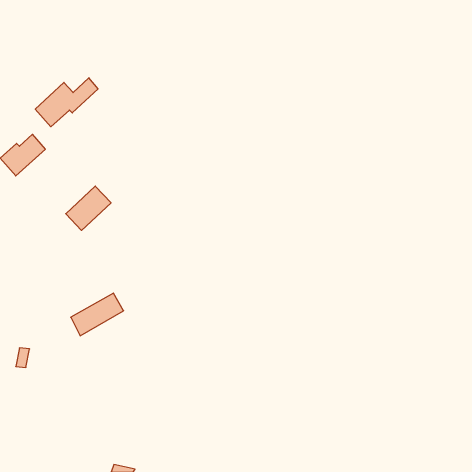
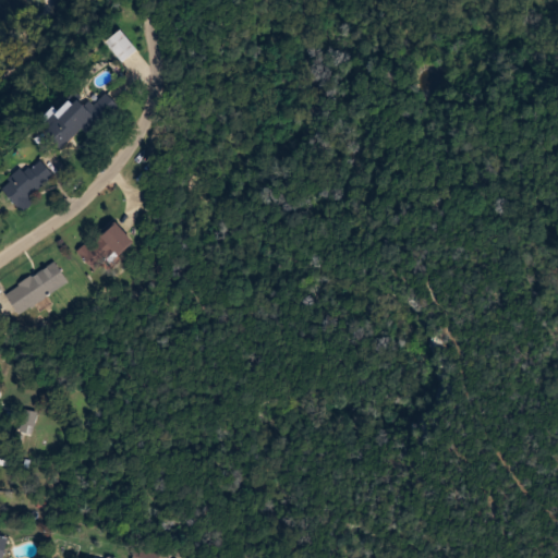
building: none -> [105,28,135,60]
building: [71,293,124,336] -> [4,262,66,312]

